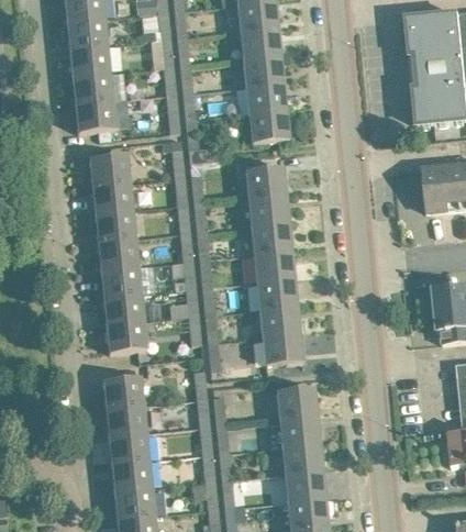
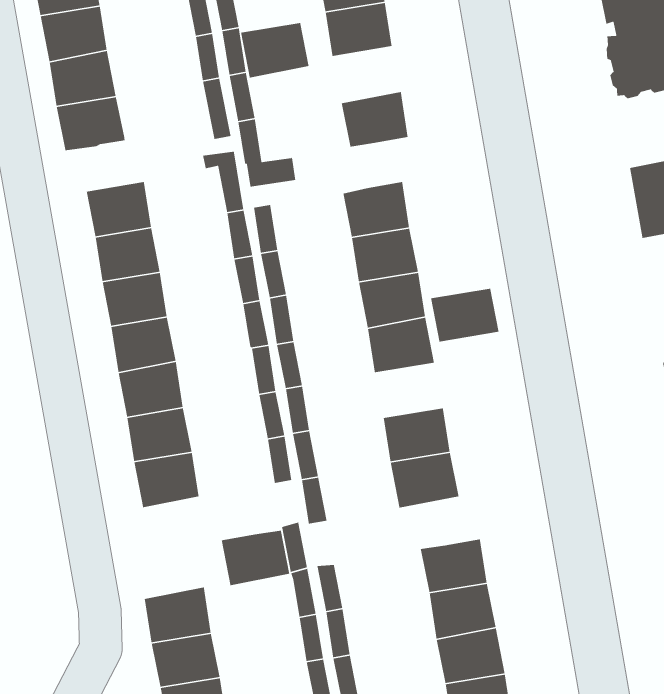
building: [246,82,287,114] -> [240,22,310,78]
building: [257,277,298,308] -> [430,288,499,342]
building: [103,375,144,407] -> [221,530,290,586]

